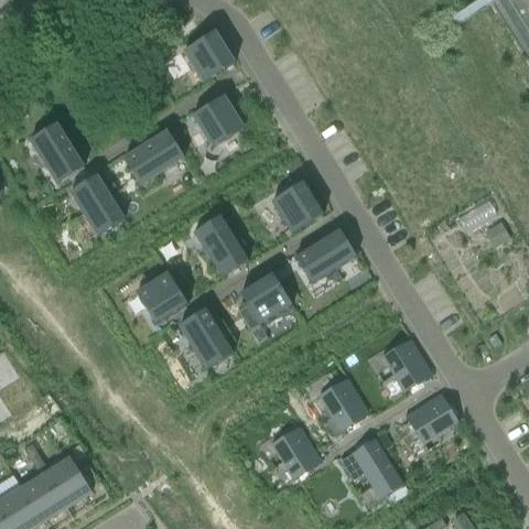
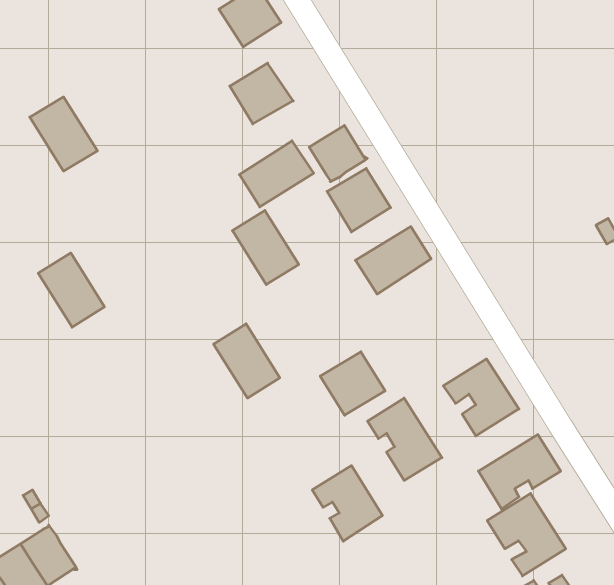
building: [125,130,185,184] -> [239,141,314,207]
building: none -> [309,125,367,182]
building: [71,174,125,235] -> [38,253,104,327]
building: [137,272,188,323] -> none
building: [240,272,293,324] -> [320,352,385,415]
building: [341,439,404,506] -> [487,493,566,576]
building: [45,457,91,506] -> none

